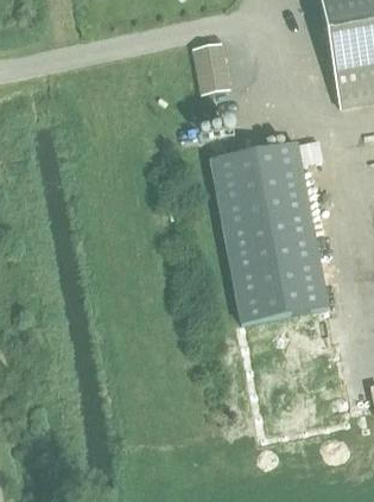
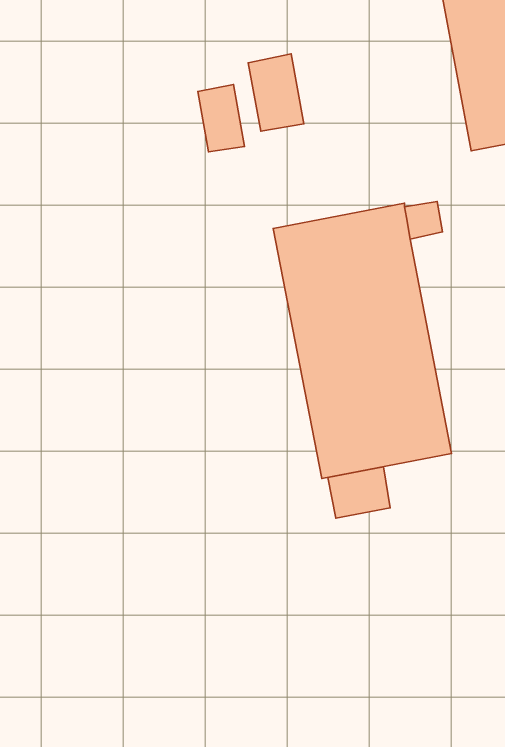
building: none -> [198,85,245,152]
building: none -> [328,467,390,518]

